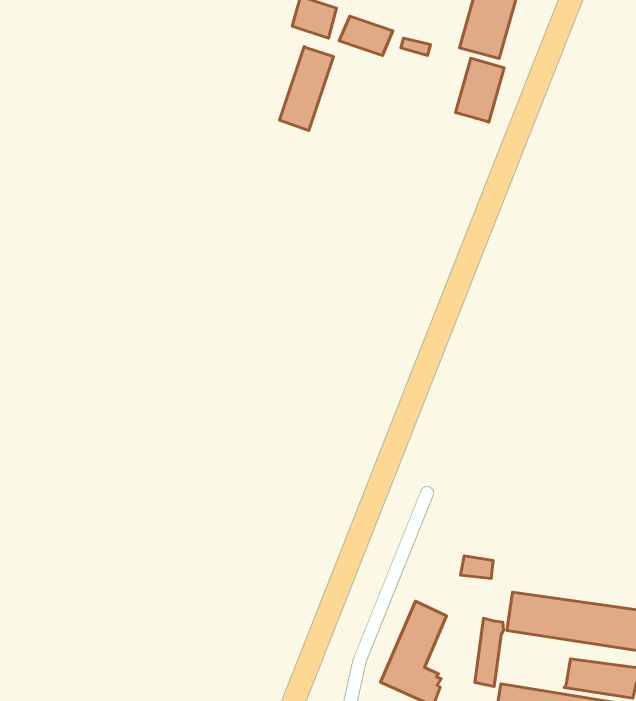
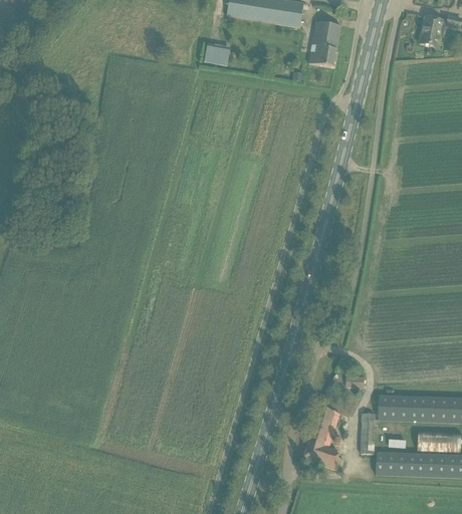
building: [339,16,393,55] -> none
building: [280,46,334,130] -> none
building: [455,58,504,122] -> none

